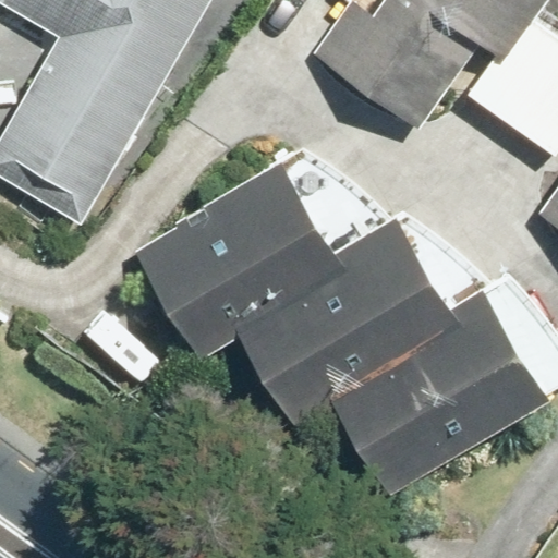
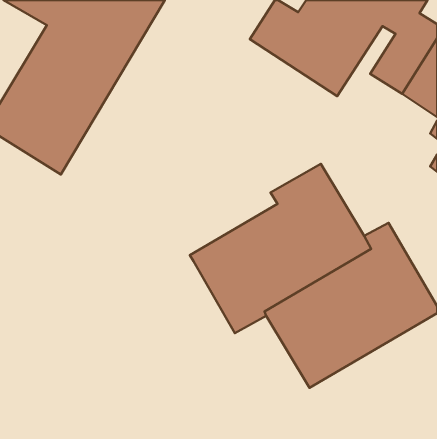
building: [134,160,349,361] -> none

